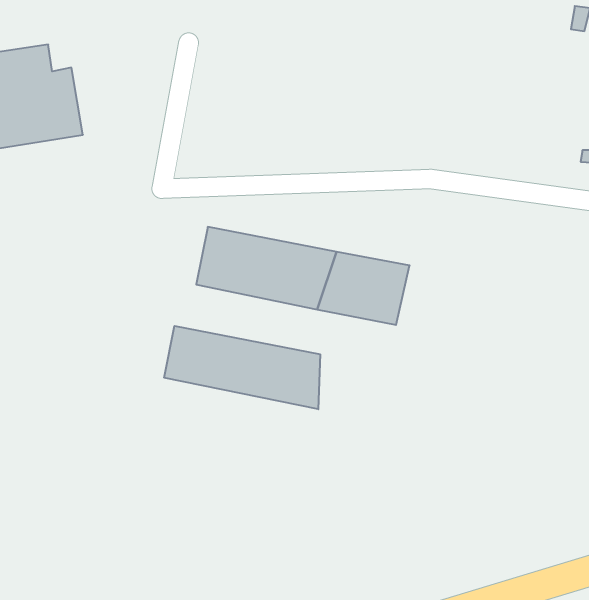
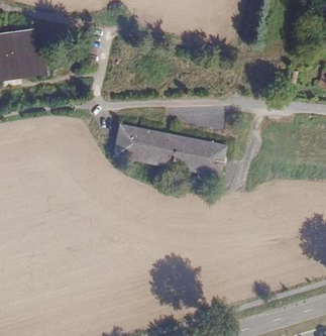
building: [164,326,320,409] -> none

